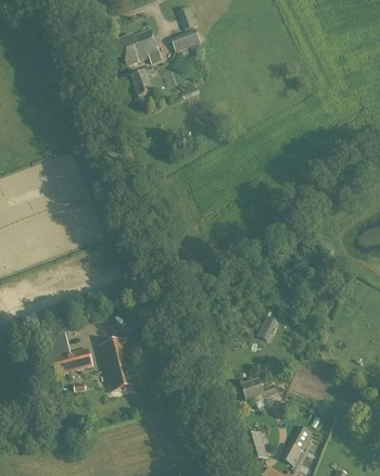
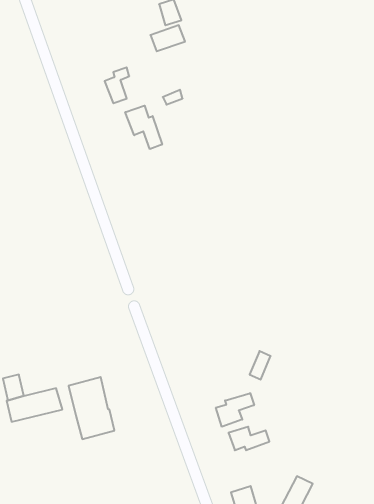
building: [115,27,159,66] -> none
building: none -> [125,106,162,149]
building: none -> [216,393,254,427]

